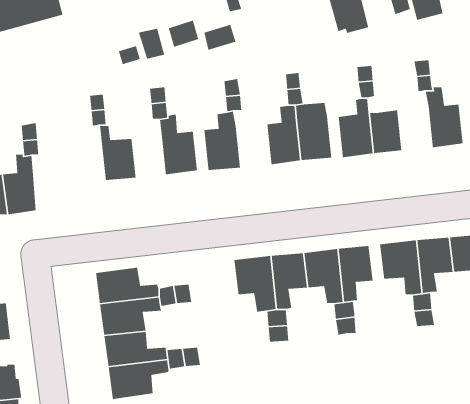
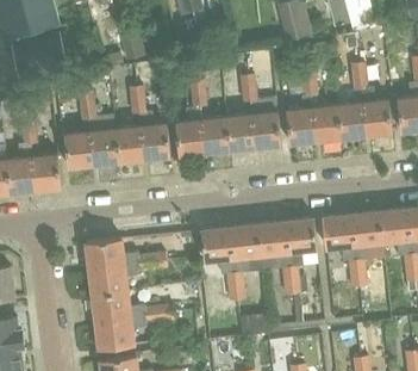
building: none -> [11,32,69,81]
building: none -> [337,104,366,141]
building: none -> [202,118,231,155]
building: none -> [116,126,143,163]
building: none -> [64,132,93,169]
building: none -> [33,155,62,191]

